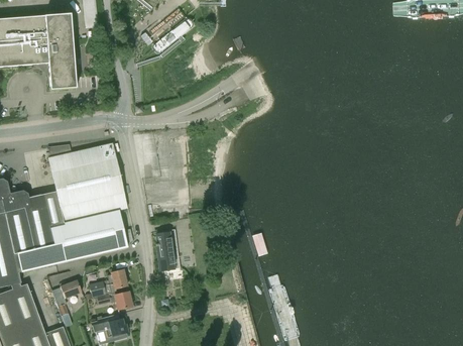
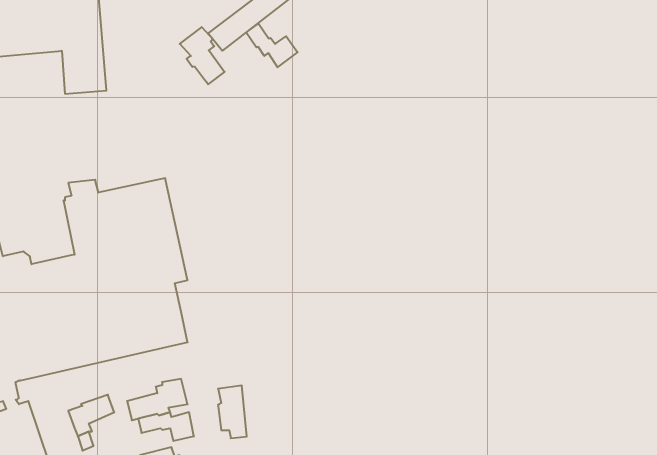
building: none -> [246,23,298,67]
building: none -> [180,27,225,84]
building: [154,232,172,265] -> [218,386,247,438]

